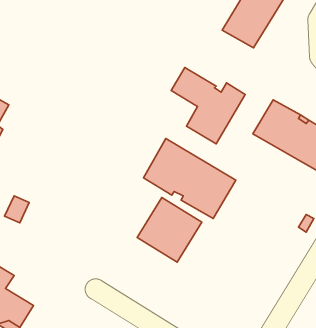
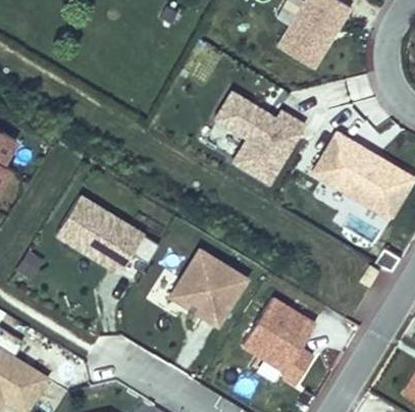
building: [144,139,236,218] -> none
building: none -> [58,196,145,273]
building: none -> [244,298,318,385]

